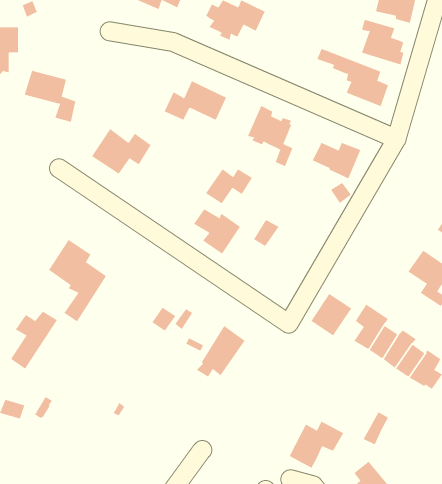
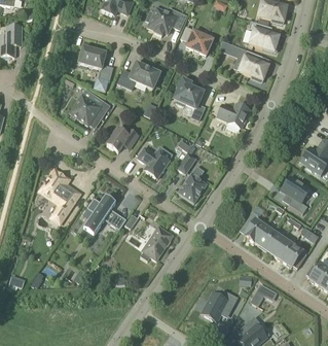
building: none -> [180,26,212,56]
building: [24,70,76,123] -> [77,46,112,81]
building: [205,169,253,204] -> [106,128,138,151]
building: [310,293,352,336] -> [178,174,206,203]
building: [10,311,58,369] -> [83,196,115,235]

